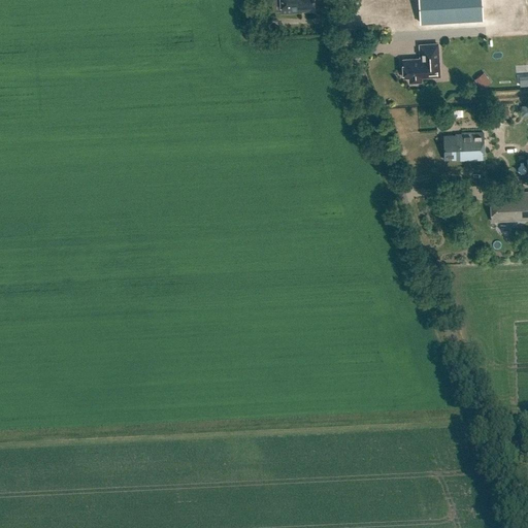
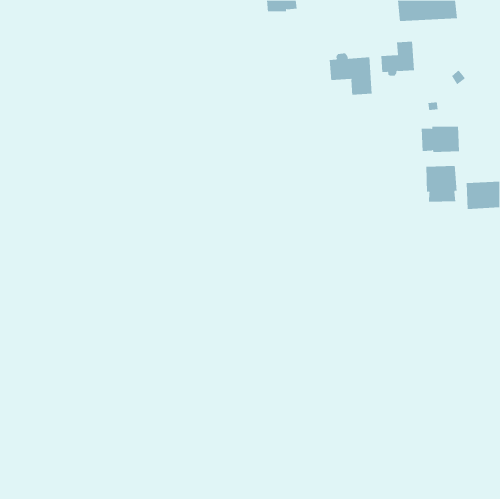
building: none -> [329,52,372,96]
building: none -> [426,165,457,203]

